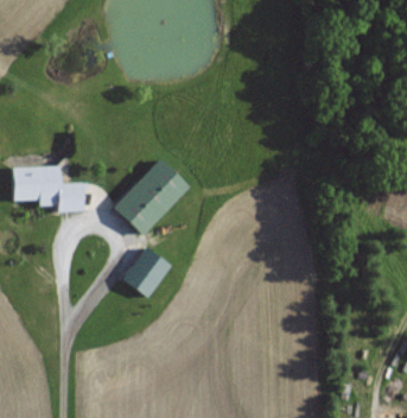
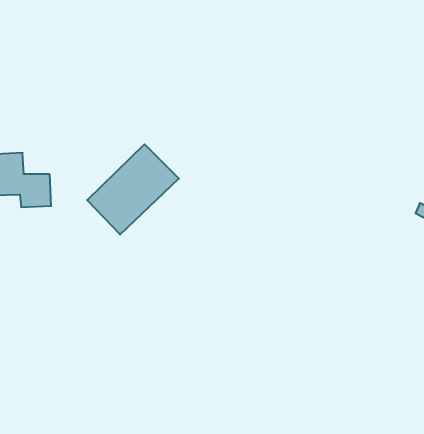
building: [123,247,171,297] -> none

